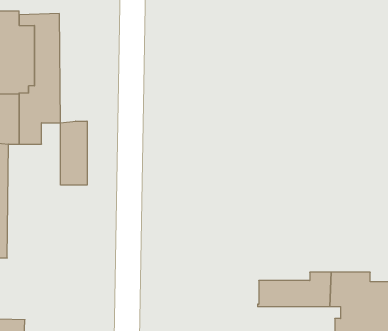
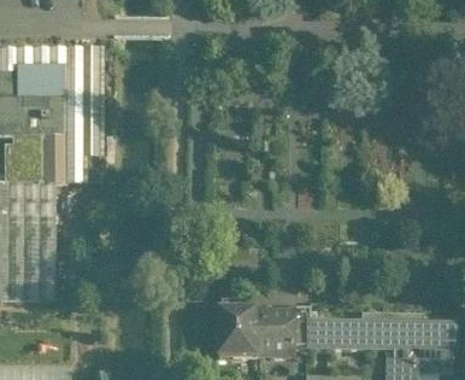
building: [61,121,87,185] -> none
building: none -> [216,300,310,357]

